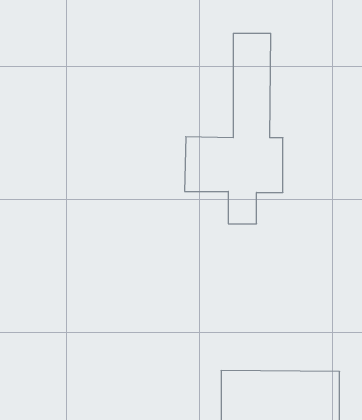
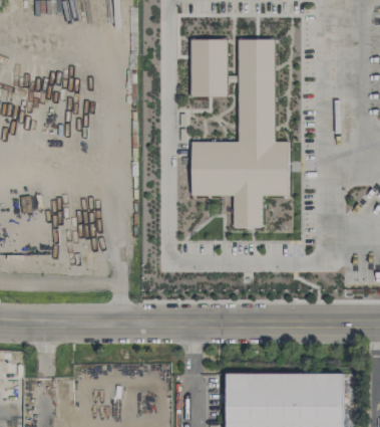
building: none -> [191,38,228,96]

